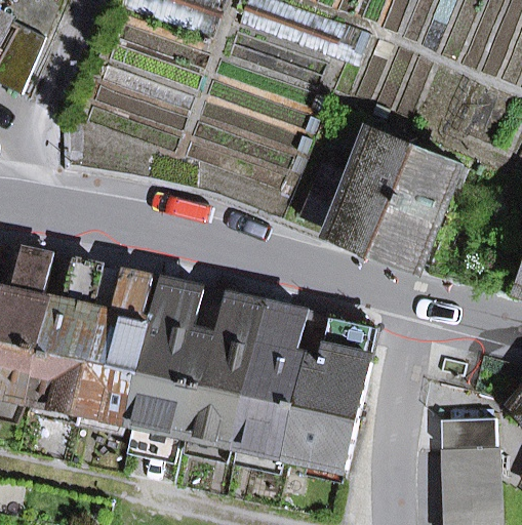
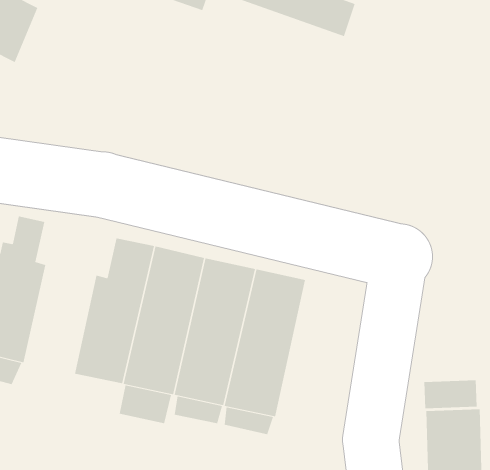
building: [300,130,454,262] -> none
building: [29,260,103,411] -> none
building: [287,315,376,469] -> none

